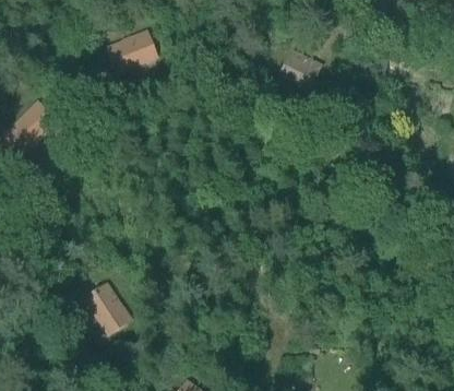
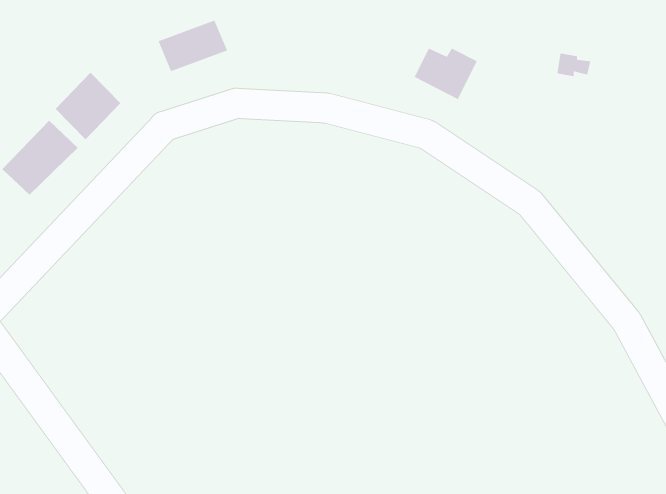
building: none -> [55,72,121,140]
building: [85,284,131,333] -> none

